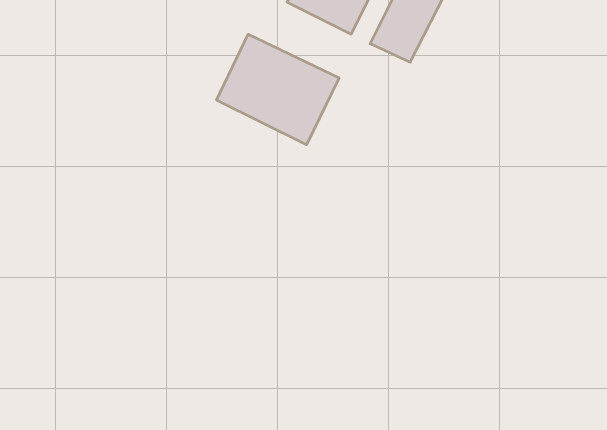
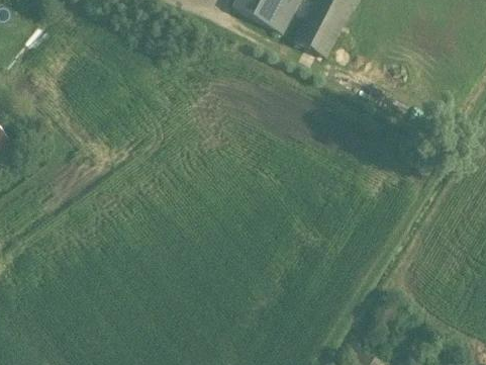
building: [217,34,339,145] -> none

